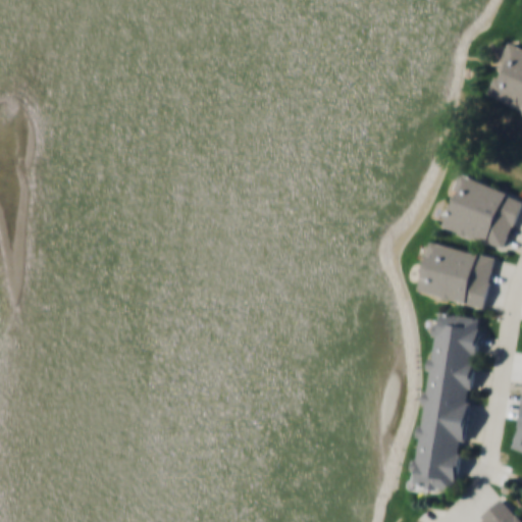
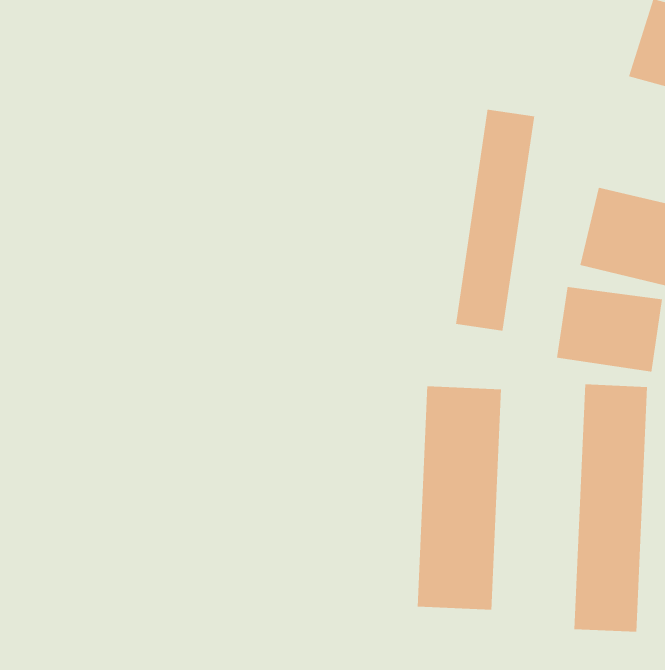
building: none -> [455,109,535,332]
building: none -> [417,386,501,610]

